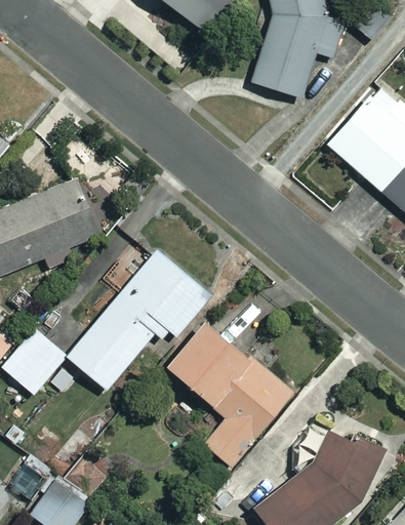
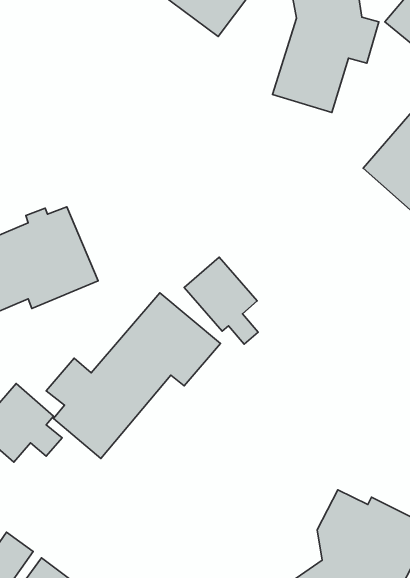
building: none -> [184,257,258,344]
building: [169,323,294,469] -> none

